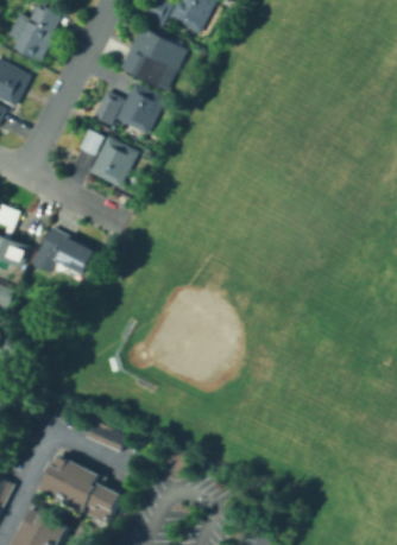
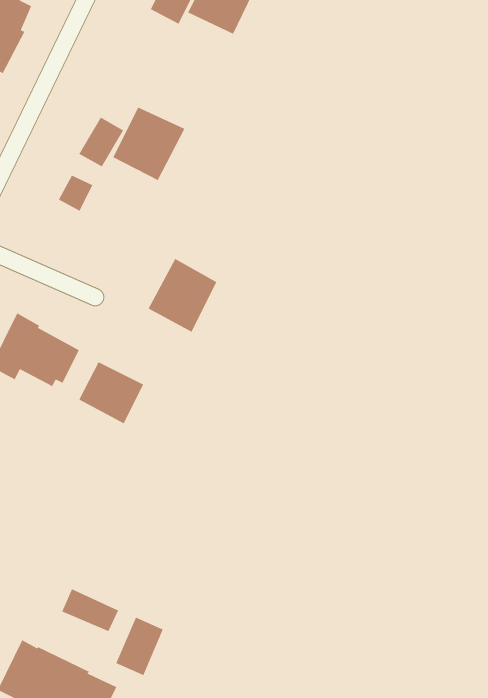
building: [121,26,189,91] -> none
building: [90,137,139,189] -> [148,258,217,333]
building: none -> [78,361,144,425]
building: none -> [115,616,164,676]

